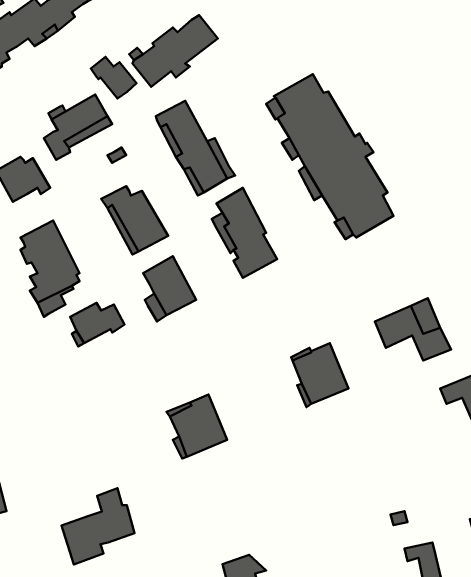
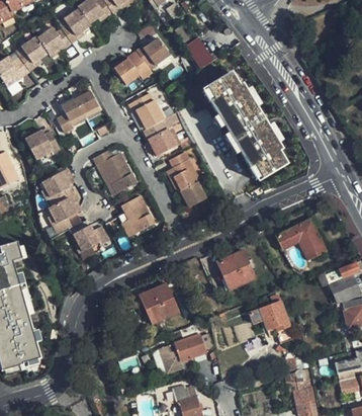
building: none -> [185,34,214,68]
building: [91,57,136,98] -> none
building: none -> [250,302,292,345]
building: [62,488,135,564] -> [157,325,204,375]

